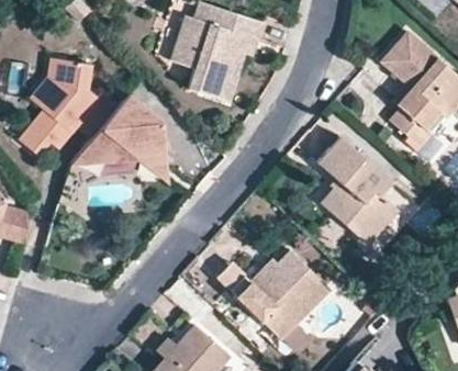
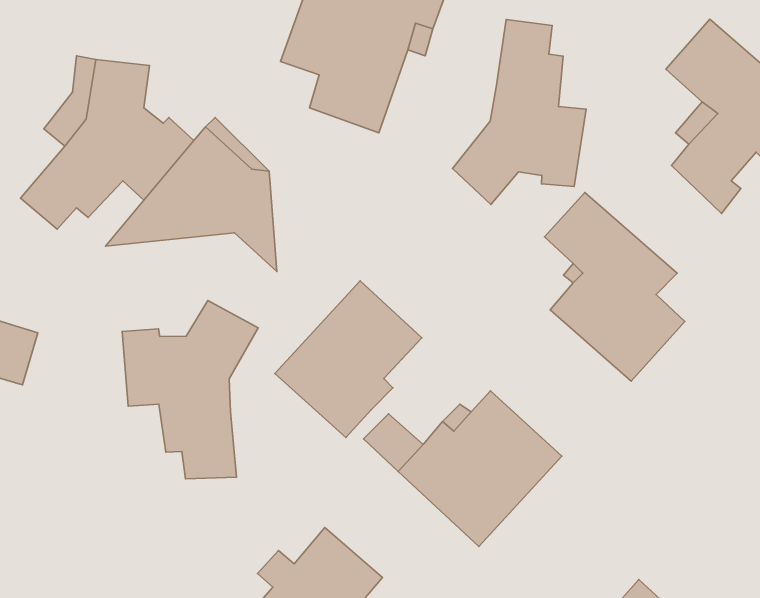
building: none -> [452,19,586,205]
building: none -> [275,281,422,438]
building: none -> [122,301,258,479]

